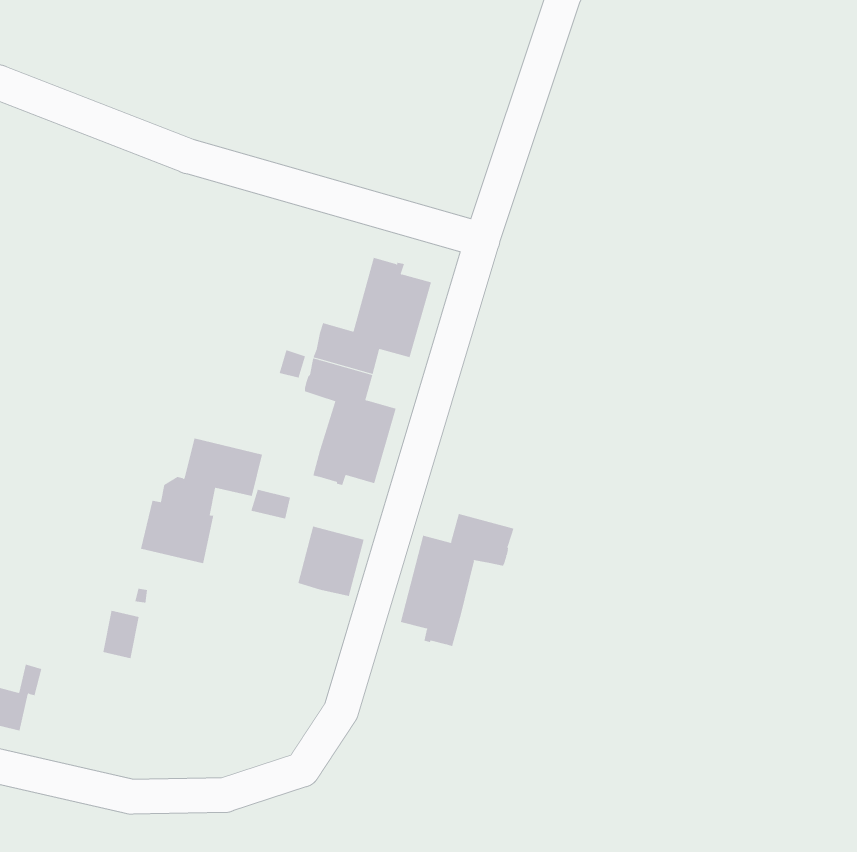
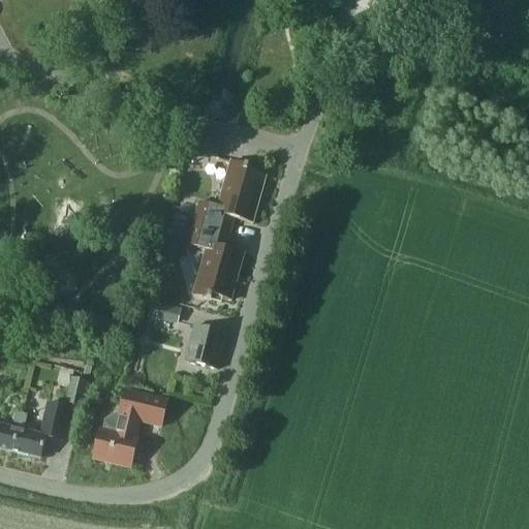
building: [140,438,263,564] -> [91,387,166,465]
building: [400,513,514,647] -> none
building: none -> [12,400,68,456]

